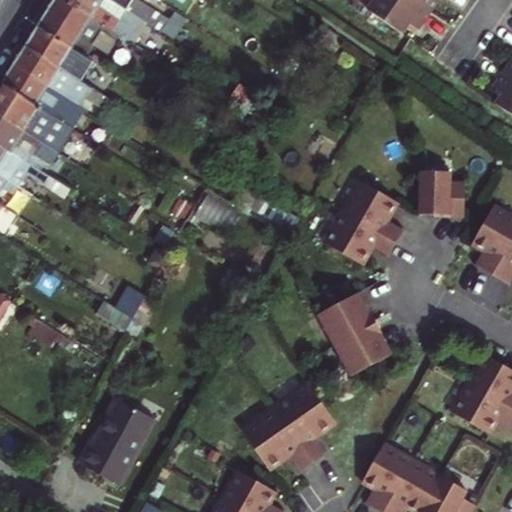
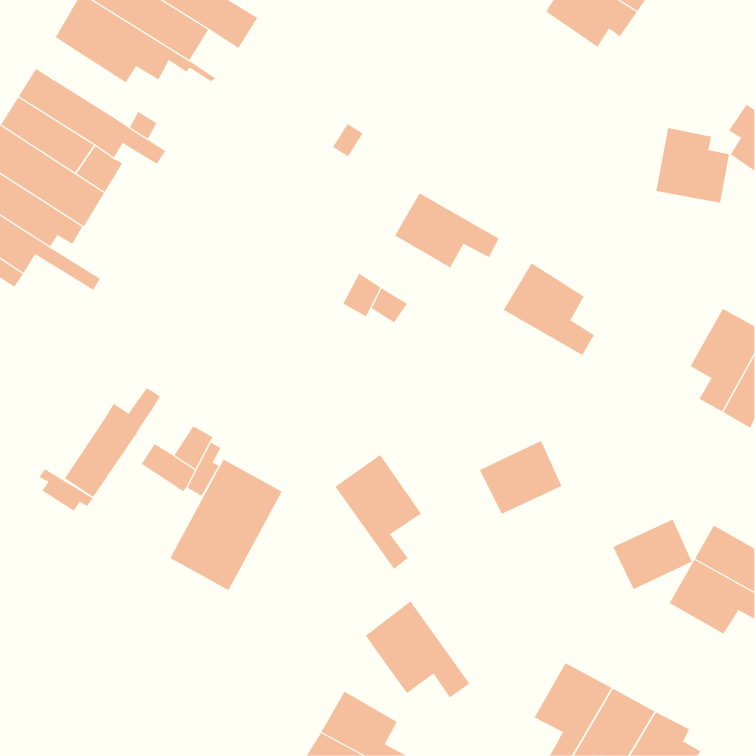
building: [24,25,93,81] -> none
building: [417,169,467,220] -> [656,127,730,203]
building: [322,209,393,260] -> [394,193,499,268]
building: none -> [64,387,161,498]
building: [338,328,392,376] -> [612,519,692,590]
building: [277,383,336,461] -> [334,454,422,570]
building: [81,397,157,486] -> [170,459,282,591]

